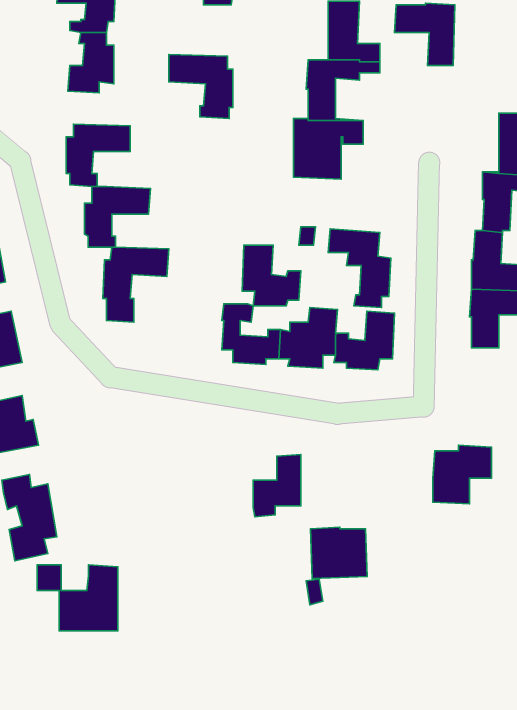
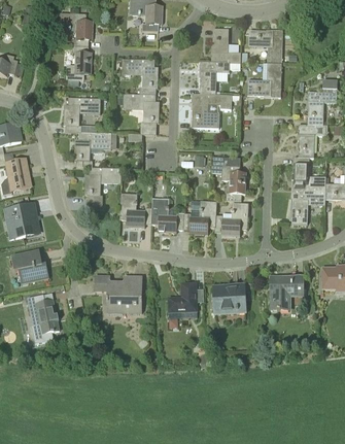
building: none -> [247,64,281,97]
building: none -> [123,93,160,133]
building: [242,245,301,306] -> [119,193,152,227]
building: [310,527,367,578] -> [213,284,245,313]
building: [37,565,118,631] -> [96,275,141,312]

